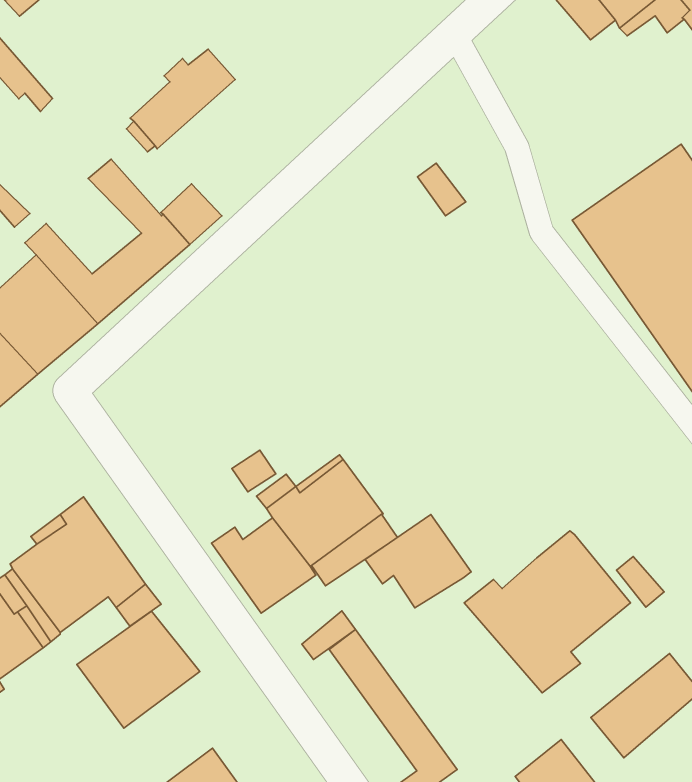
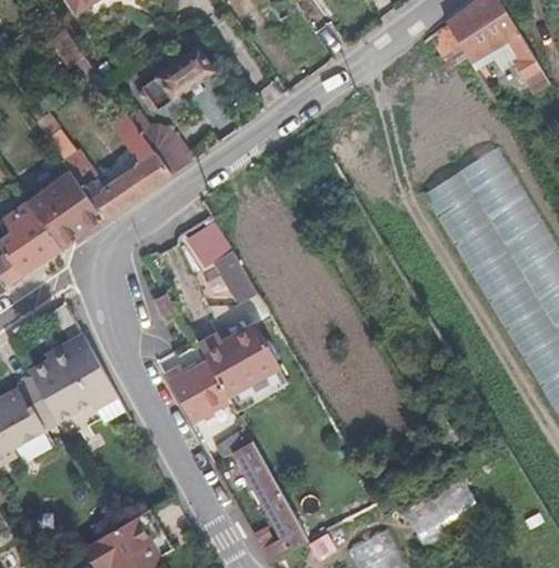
building: none -> [189,223,256,306]
building: [365,514,471,608] -> none
building: [464,531,630,693] -> none
building: [77,611,200,728] -> none

